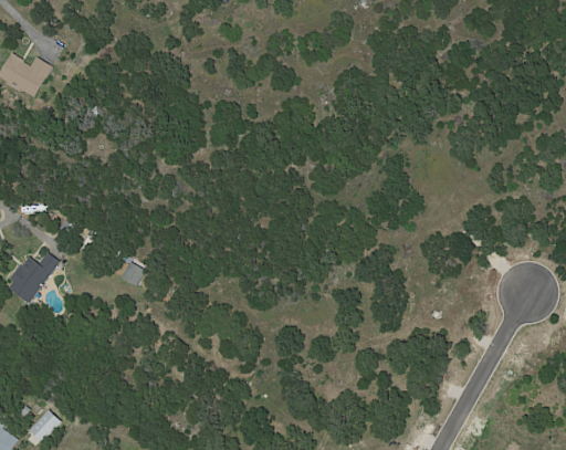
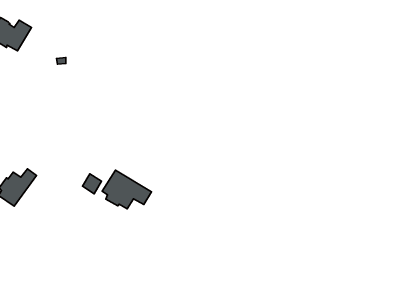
building: none -> [102,170,151,209]

